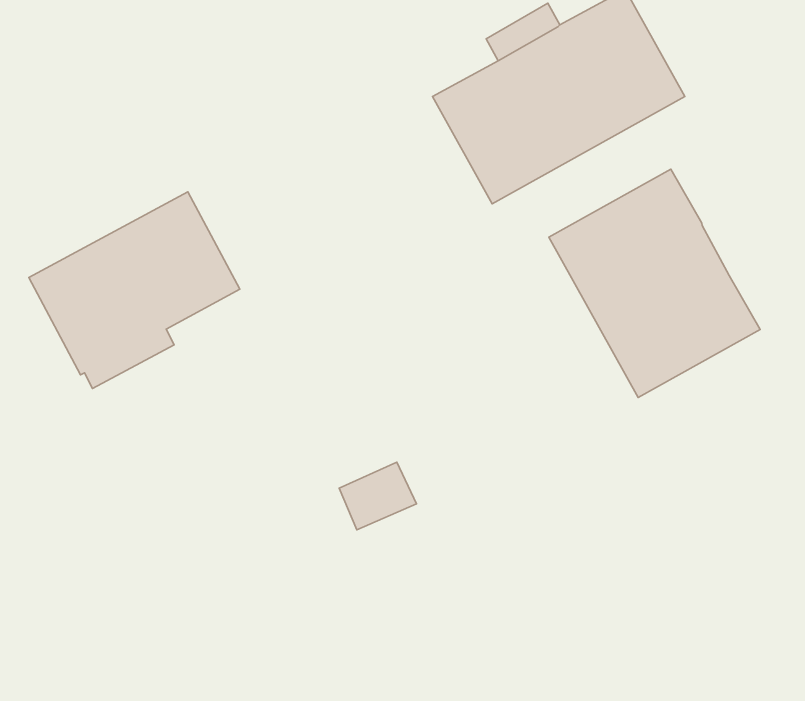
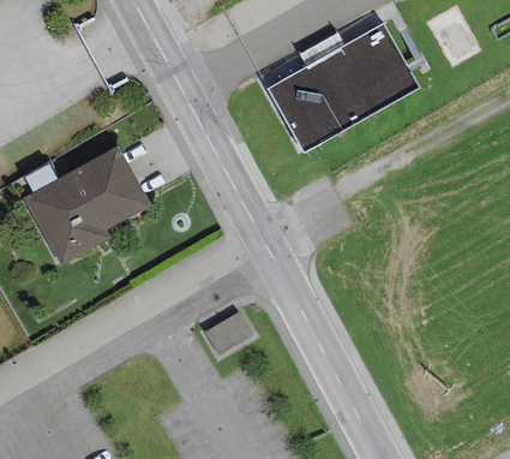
building: [549,169,760,397] -> none

